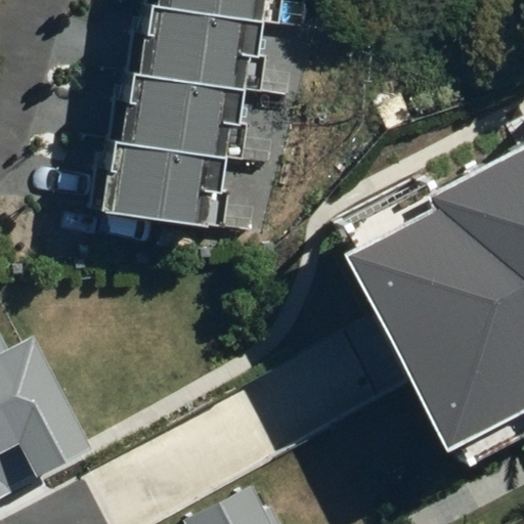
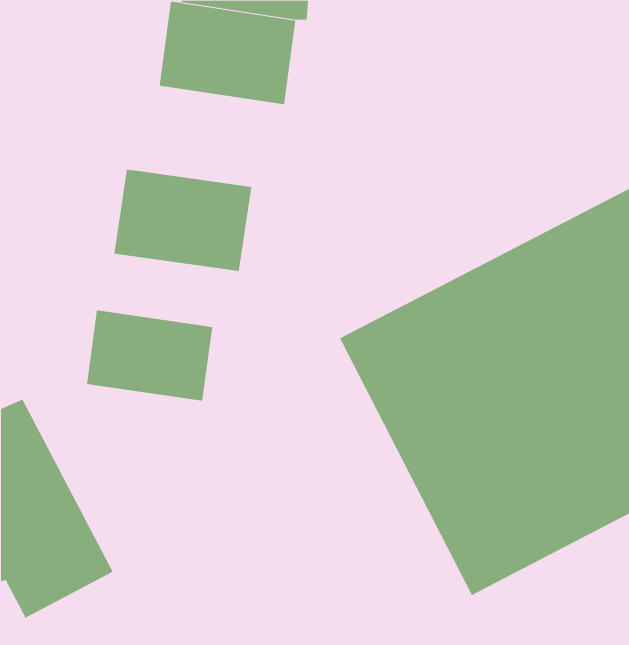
building: [124,70,236,152] -> none
building: none -> [86,309,213,401]

